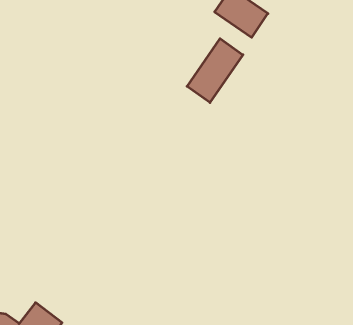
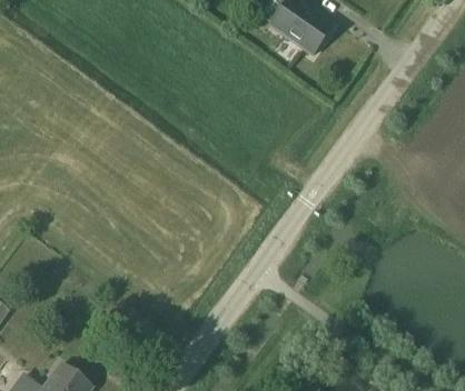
building: [187,39,243,103] -> none

